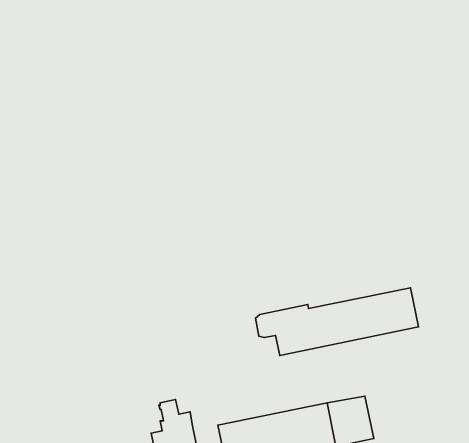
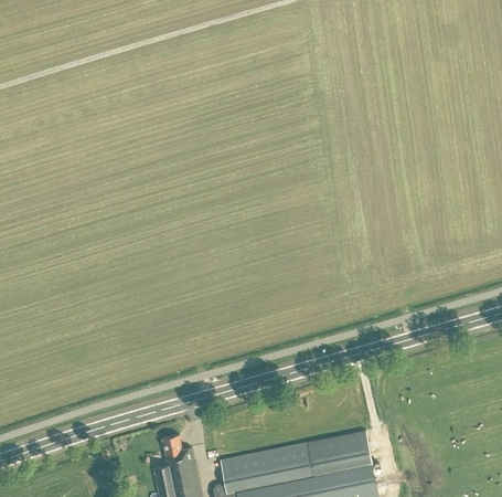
building: [255,288,418,355] -> none

